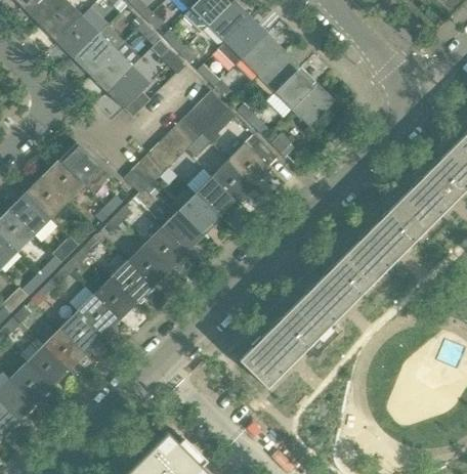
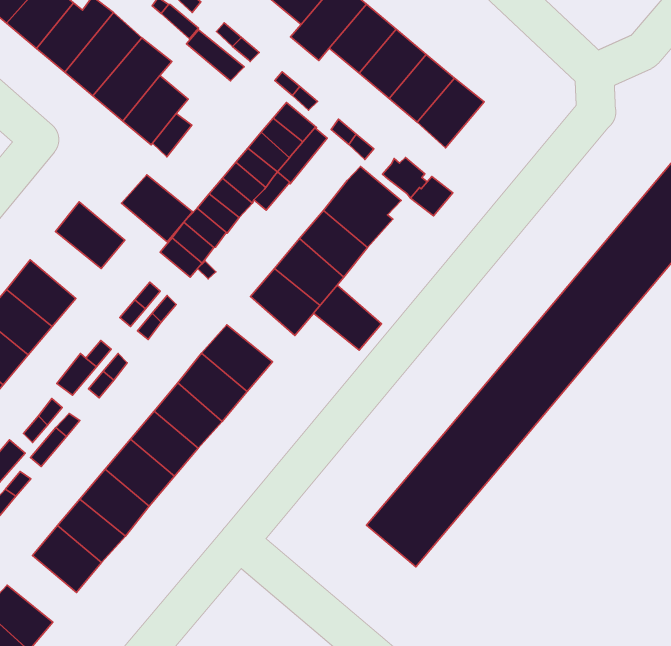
building: [42,159,86,202] -> [122,175,193,242]
building: [162,210,204,252] -> [314,285,381,350]
building: [10,360,53,403] -> none

